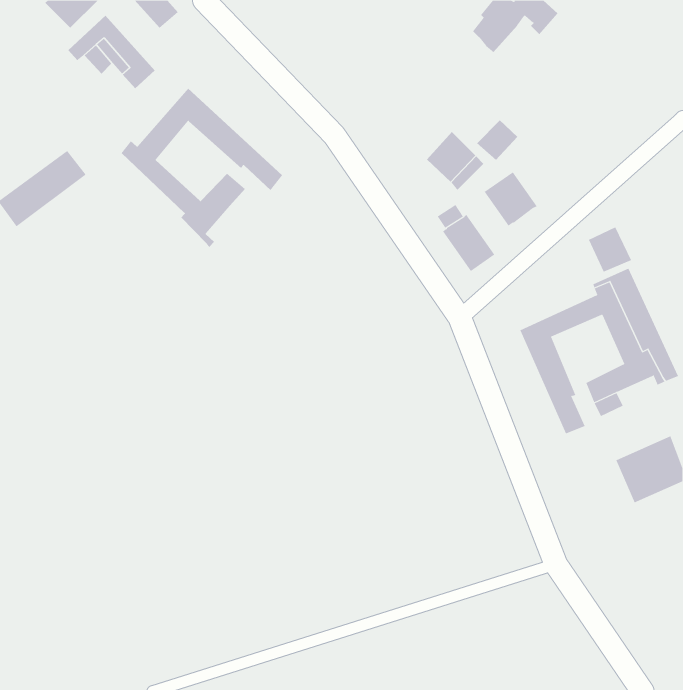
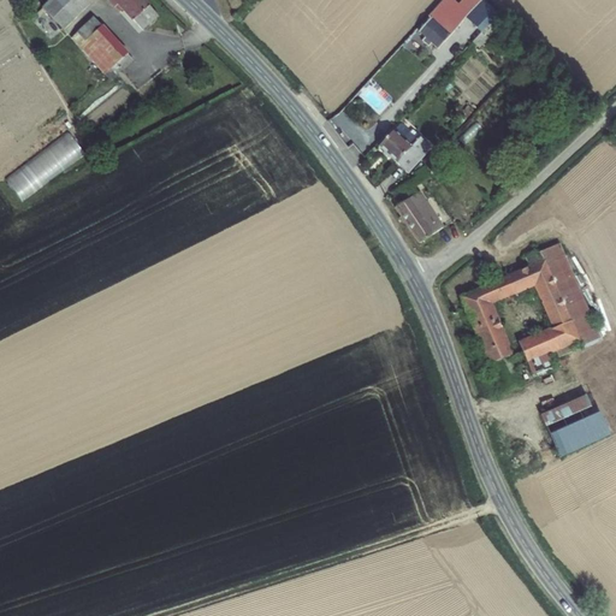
building: [121,88,283,248] -> none
building: [476,119,518,161] -> none
building: [484,172,537,226] -> none
building: [588,227,632,273] -> none

